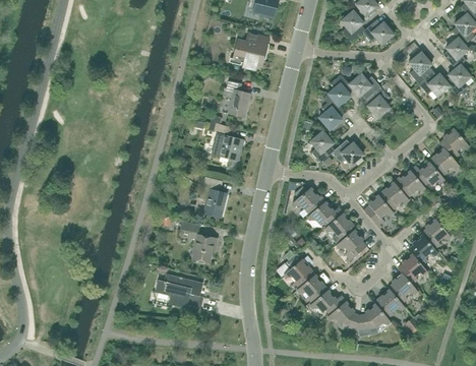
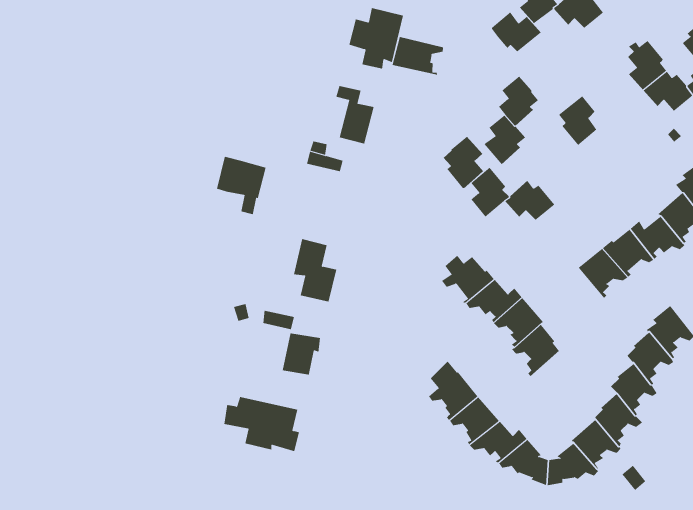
building: none -> [392,36,444,76]
building: [349,74,380,100] -> [491,11,541,52]
building: none -> [443,136,484,189]
building: [212,134,243,171] -> [216,156,267,215]
building: [363,195,394,229] -> none

